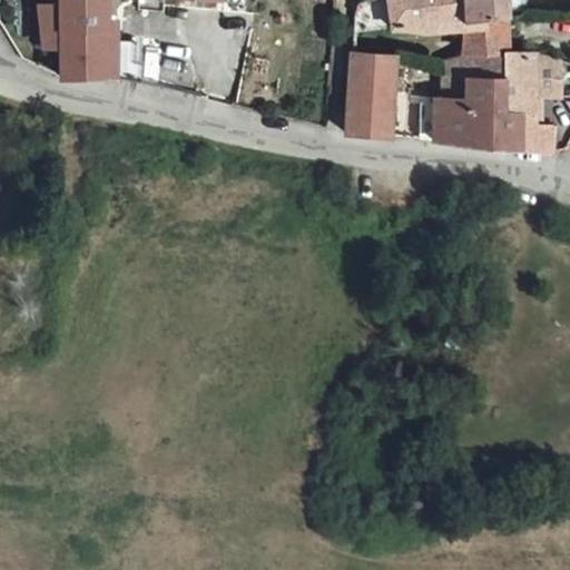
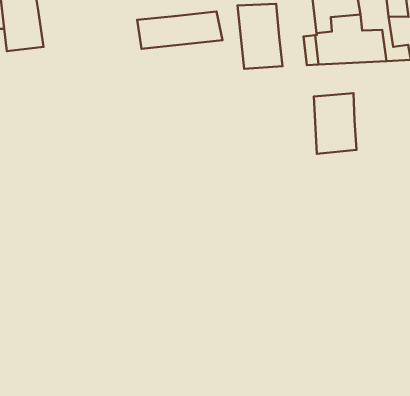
building: none -> [137,11,222,49]
building: none -> [314,93,357,154]

